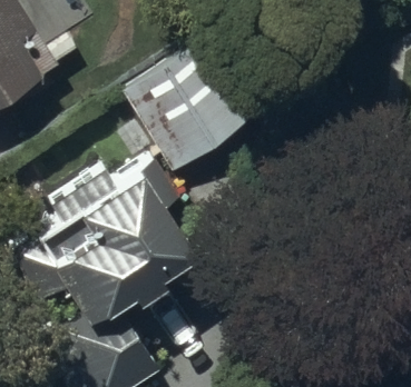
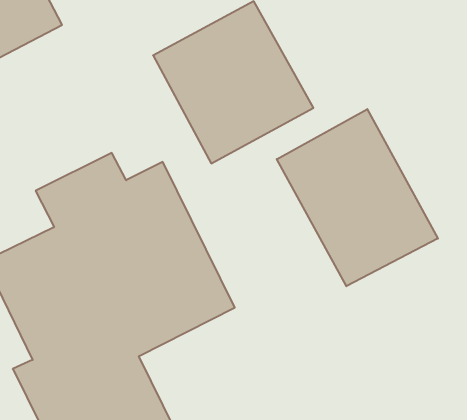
building: none -> [277,109,438,286]

